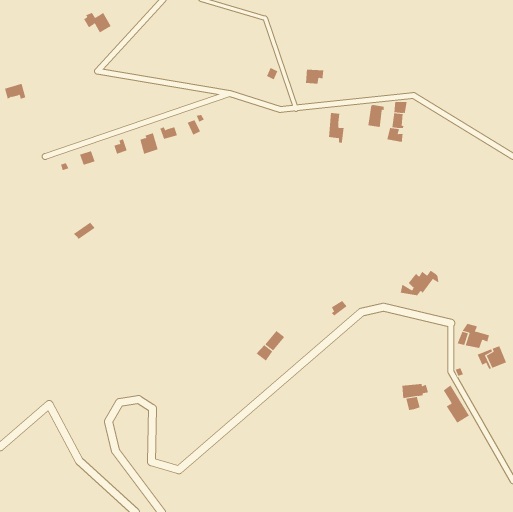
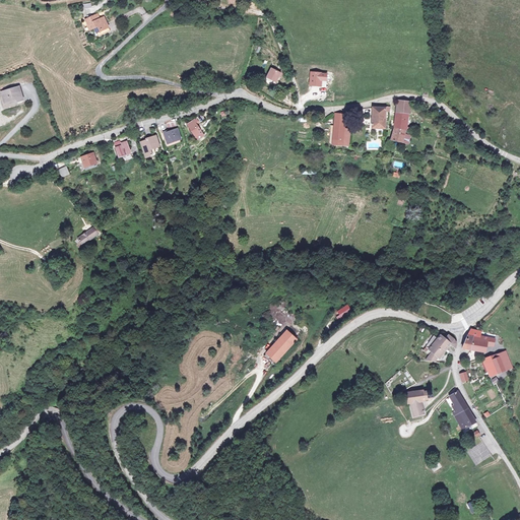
building: [400,270,439,296] -> [414,334,454,361]

